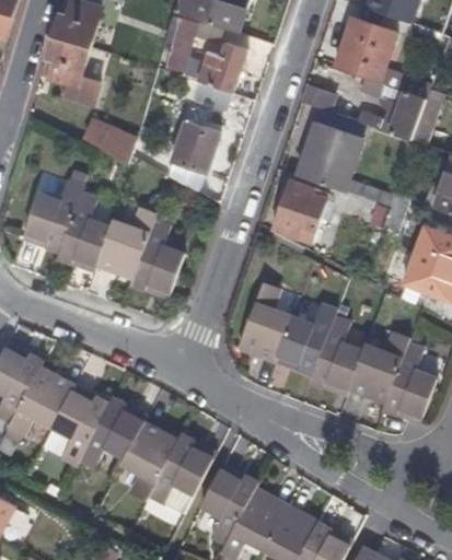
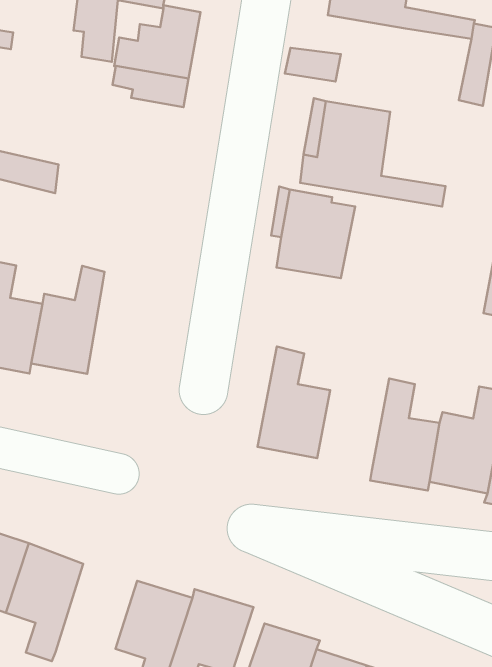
building: [356,85,426,141] -> none
building: [170,105,222,176] -> none
building: [130,220,184,292] -> none
building: [276,304,336,375] -> none
building: [80,398,146,467] -> none

